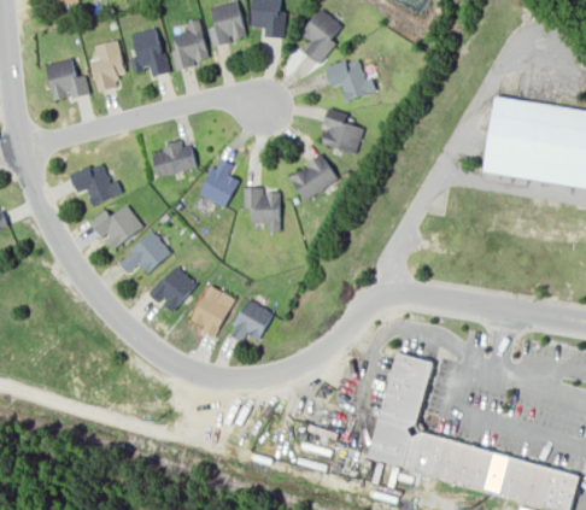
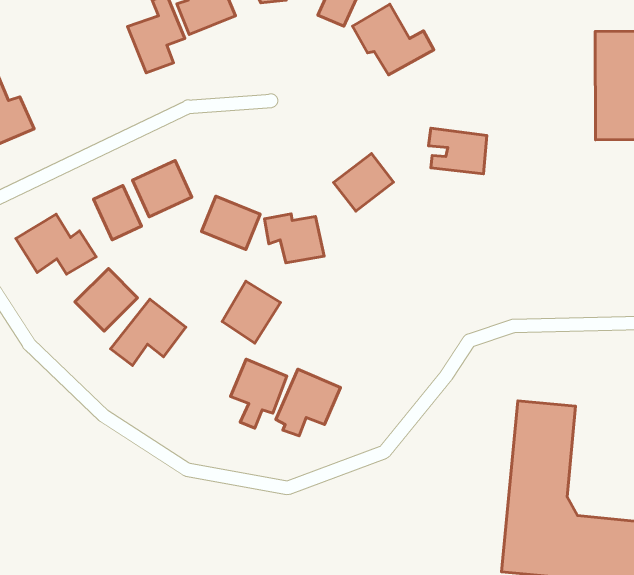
building: [133,27,166,77] -> none
building: [90,40,122,93] -> none
building: [318,115,362,153] -> [429,128,487,174]
building: none -> [93,185,141,240]
building: [151,265,194,310] -> [222,281,280,343]

